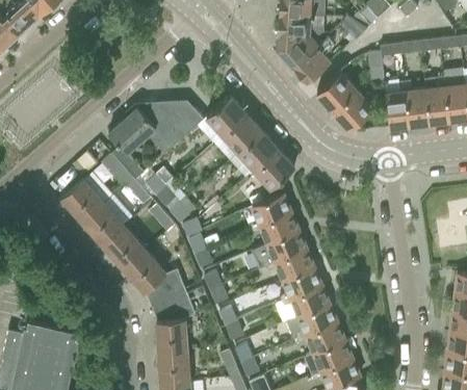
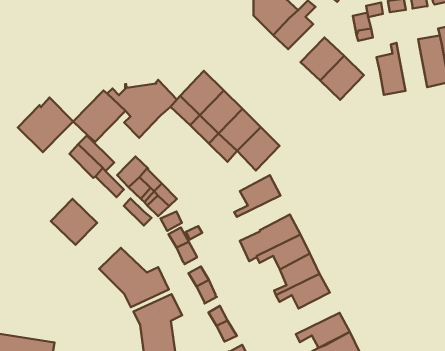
building: [405,82,430,126] -> none
building: [62,173,112,222] -> [18,97,73,152]
building: [251,212,299,242] -> none
building: [104,226,145,267] -> none
building: [286,303,337,338] -> none

